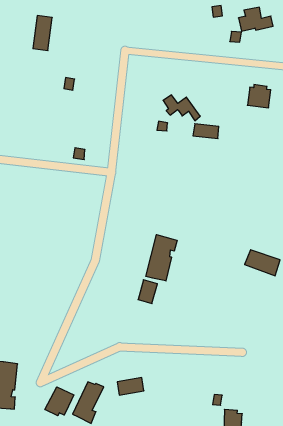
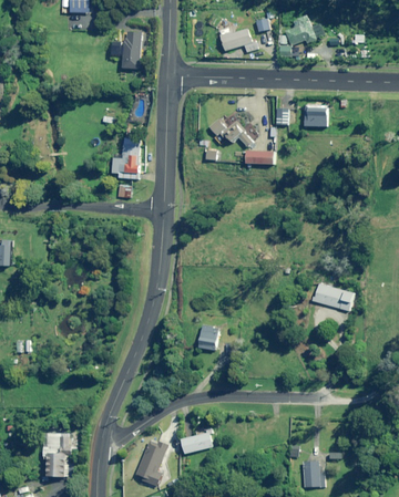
building: none -> [219,28,257,52]
building: [33,16,52,51] -> [121,31,140,69]
building: none -> [112,144,140,178]
building: [146,235,177,281] -> none
building: [45,387,74,416] -> none

